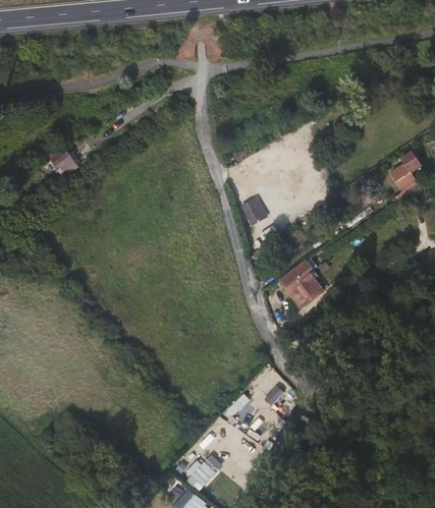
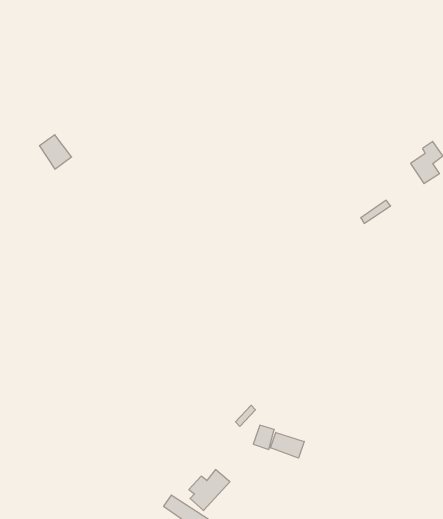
building: [241,197,268,226] -> none
building: [280,260,330,303] -> none
building: none -> [271,432,304,458]

